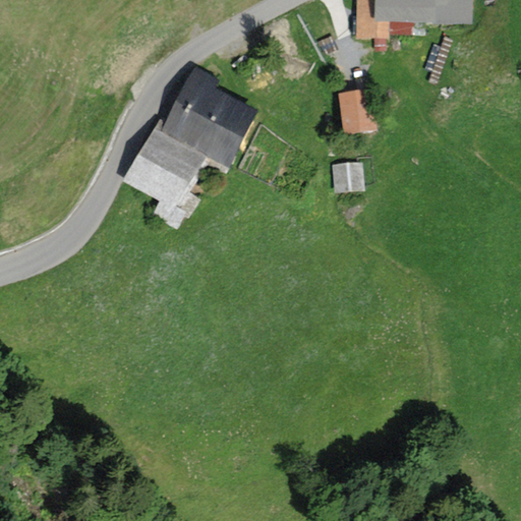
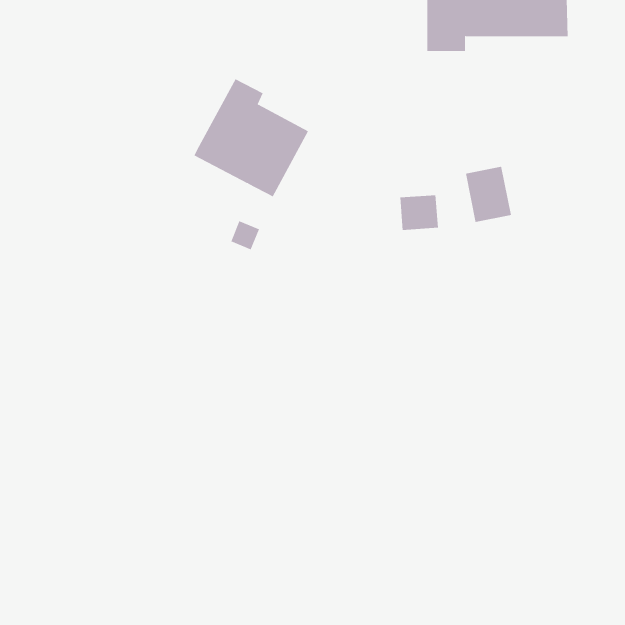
building: [337,86,375,133] -> [465,166,512,223]
building: [126,118,206,230] -> none

